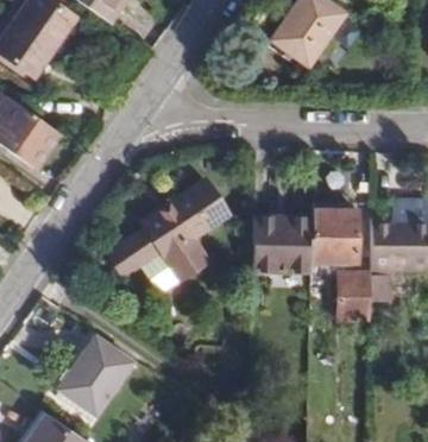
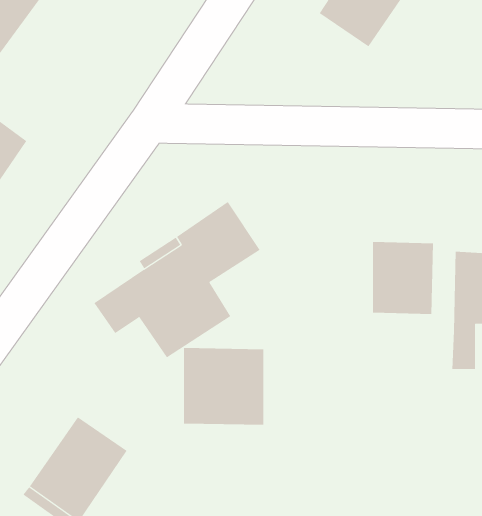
building: [253,215,313,272] -> [183,348,264,425]
building: [340,272,372,320] -> none

